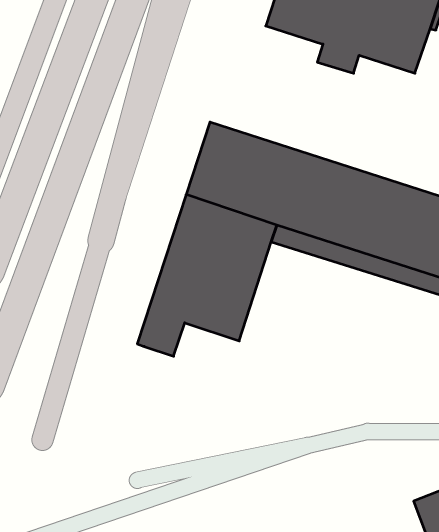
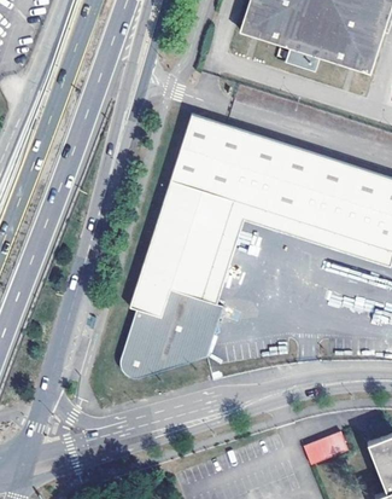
building: none -> [119,286,222,377]
building: none -> [305,430,349,462]

